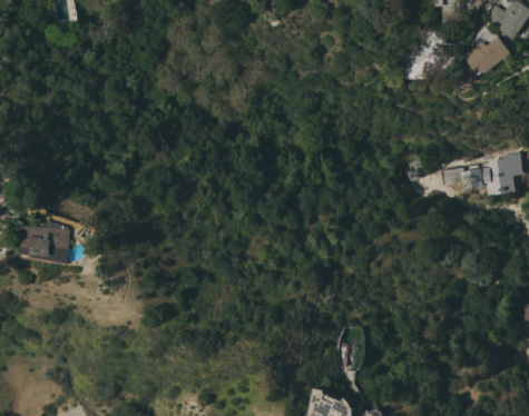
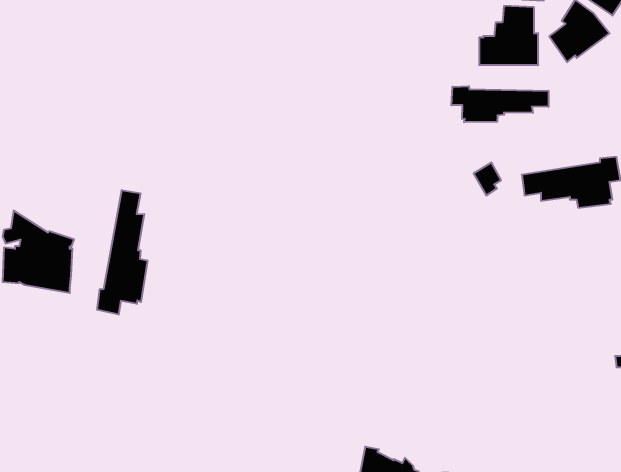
building: none -> [451,86,548,122]
building: none -> [97,190,147,315]

